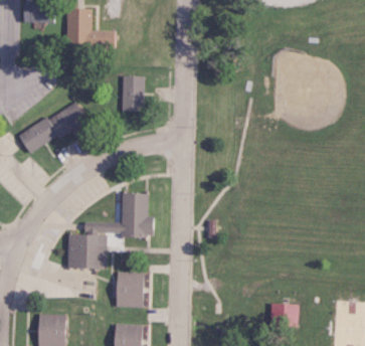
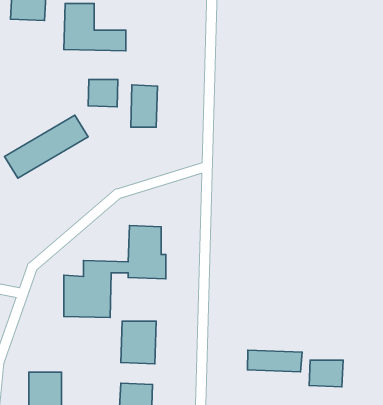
building: none -> [88,79,118,107]
building: none -> [248,350,302,372]

